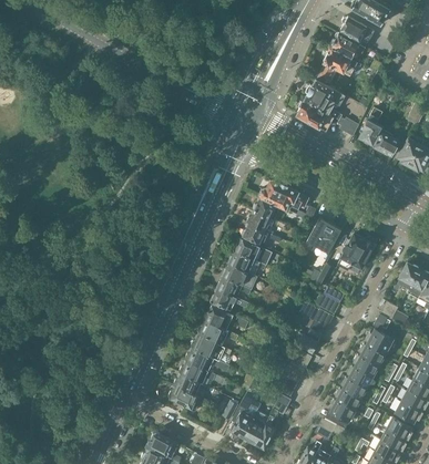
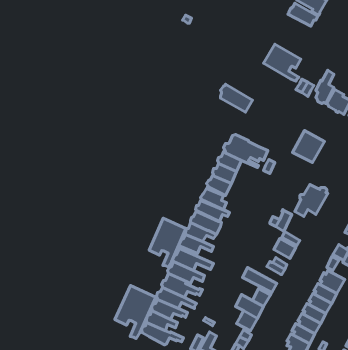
building: [318,49,357,84] -> none
building: [298,101,334,132] -> [220,84,252,112]
building: [306,218,341,254] -> [292,130,325,162]
building: none -> [149,218,186,267]
building: none -> [115,286,156,338]

